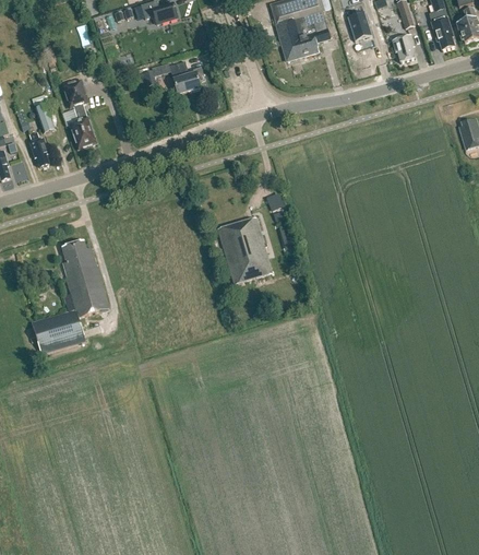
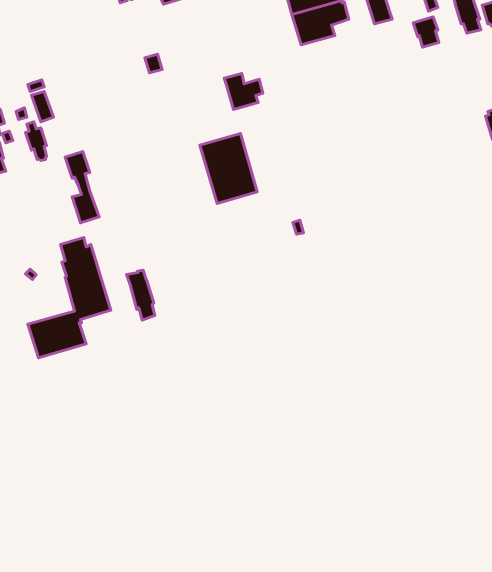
building: [169,59,205,93] -> [224,73,263,110]
building: [64,80,96,146] -> [65,151,99,223]
building: [218,216,272,282] -> [200,134,257,204]
building: none -> [127,270,155,320]

